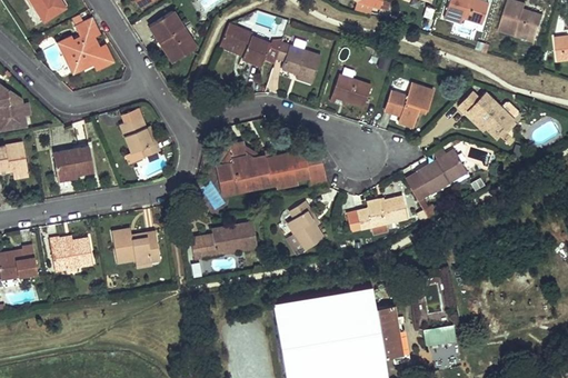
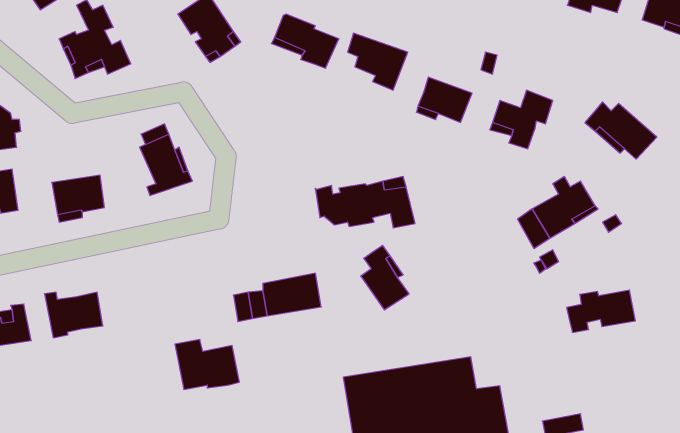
building: [217,141,256,193] -> none
building: [356,198,408,230] -> [567,290,635,332]
building: [109,226,158,263] -> [175,340,239,389]

